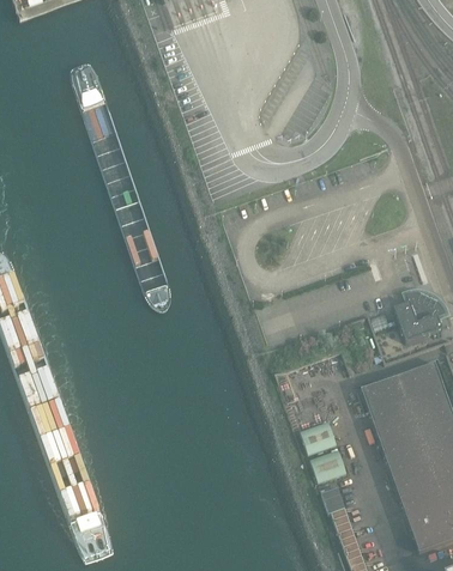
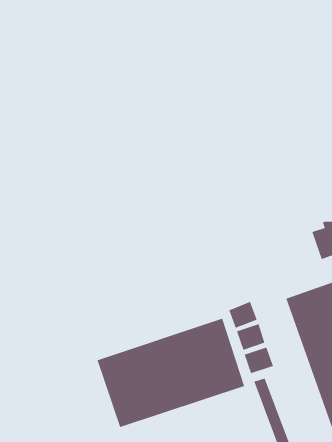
building: none -> [97,318,245,428]

